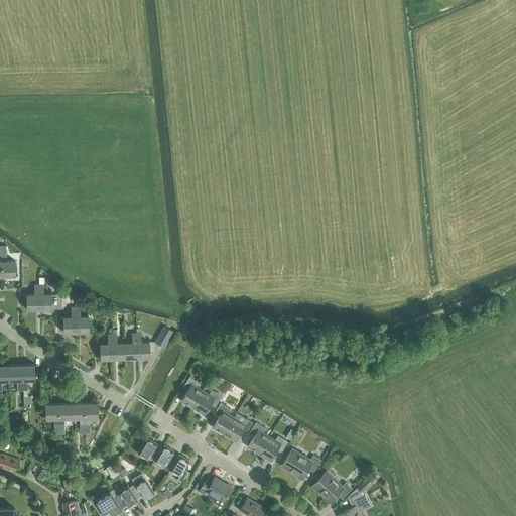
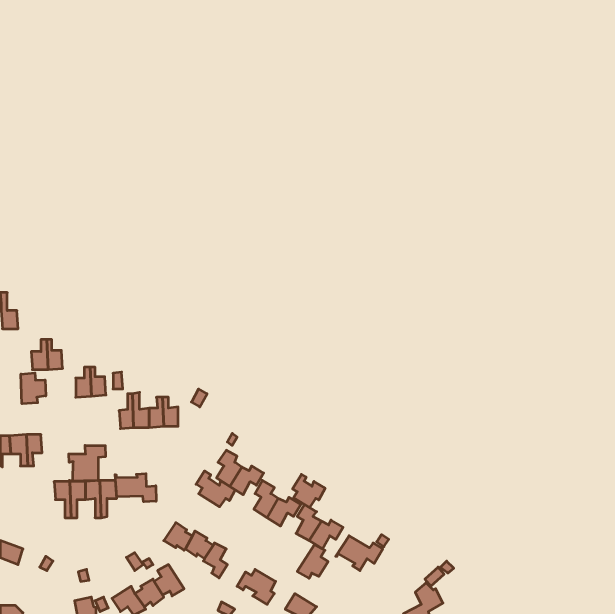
building: none -> [21,373,46,404]
building: none -> [69,445,105,481]
building: none -> [196,471,235,507]
building: none -> [115,474,156,502]
building: none -> [293,474,325,507]
building: none -> [297,545,328,578]
building: [312,472,352,502] -> none

